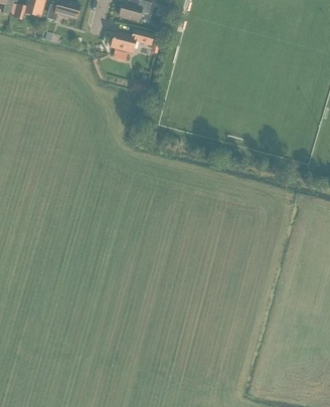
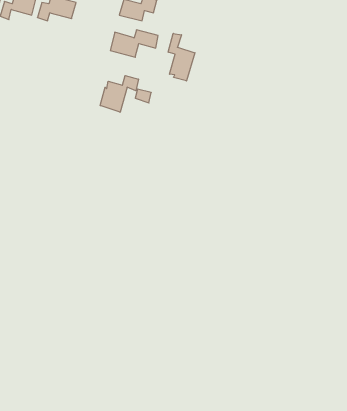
building: none -> [168,33,195,81]
building: none -> [100,76,138,112]

